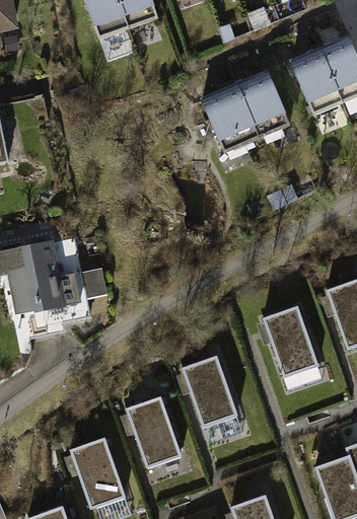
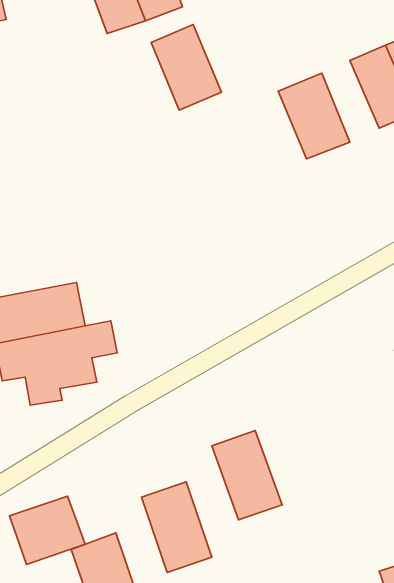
building: [201,85,257,153] -> [151,24,221,110]
building: [263,305,318,377] -> none
building: none -> [10,496,85,565]

